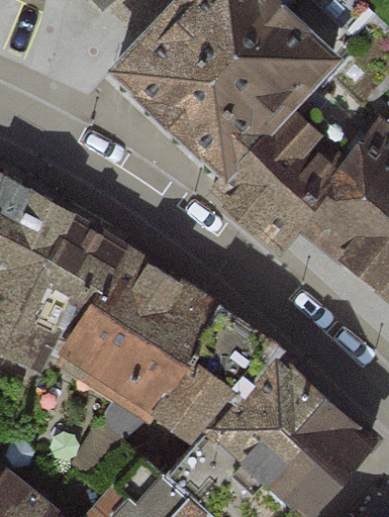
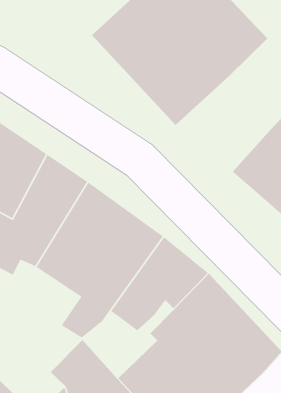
building: [216,111,347,247] -> none

